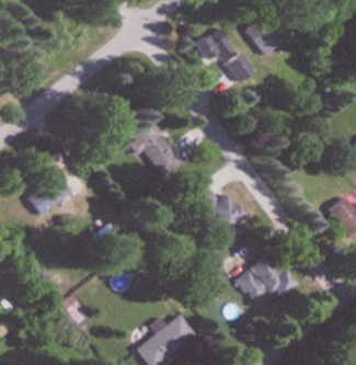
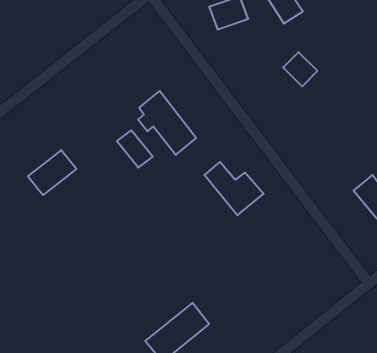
building: [225,53,256,84] -> [283,52,317,86]
building: none -> [117,130,153,168]
building: [237,251,298,301] -> none

